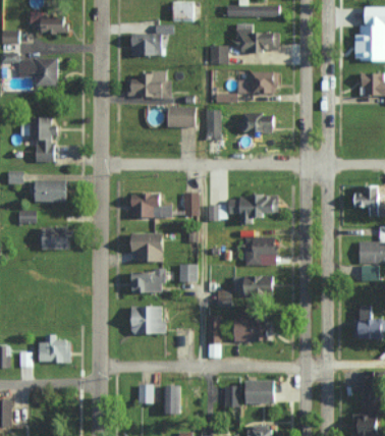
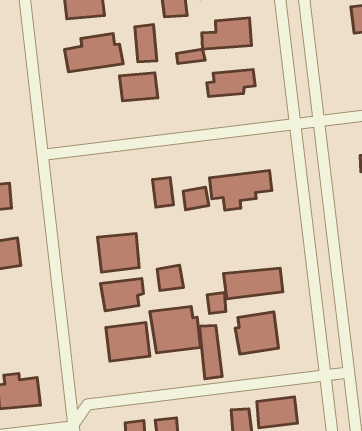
building: [205,110,221,140] -> [135,24,157,62]
building: [130,195,170,218] -> none
building: [244,236,277,266] -> none
building: none -> [150,306,200,353]

